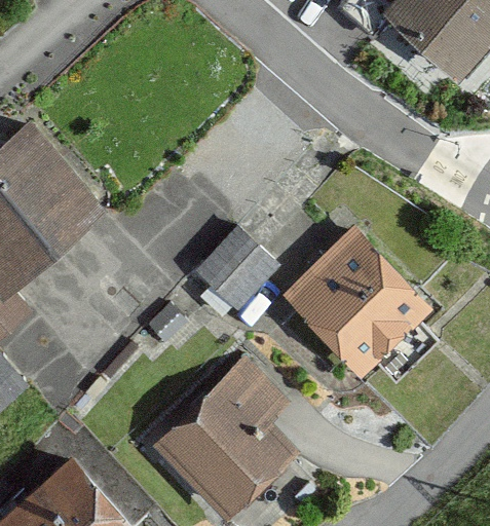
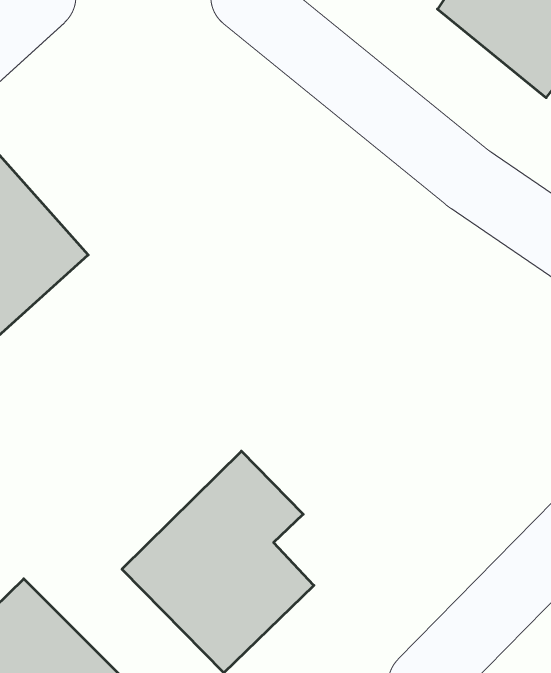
building: [189,221,275,307] -> none
building: [287,230,435,378] -> none

